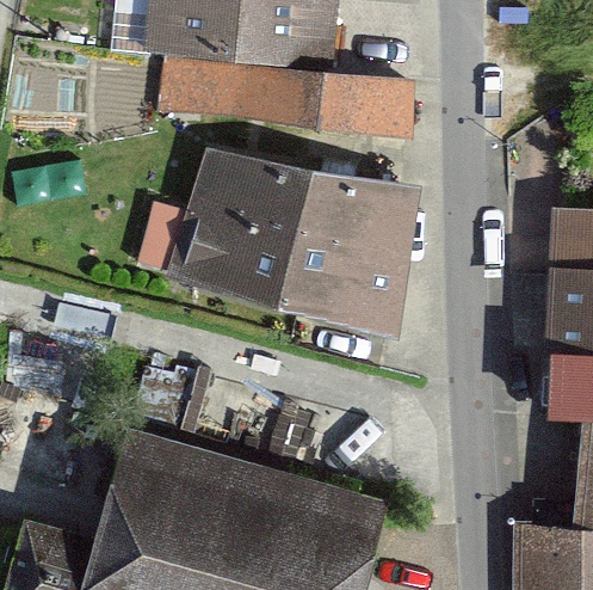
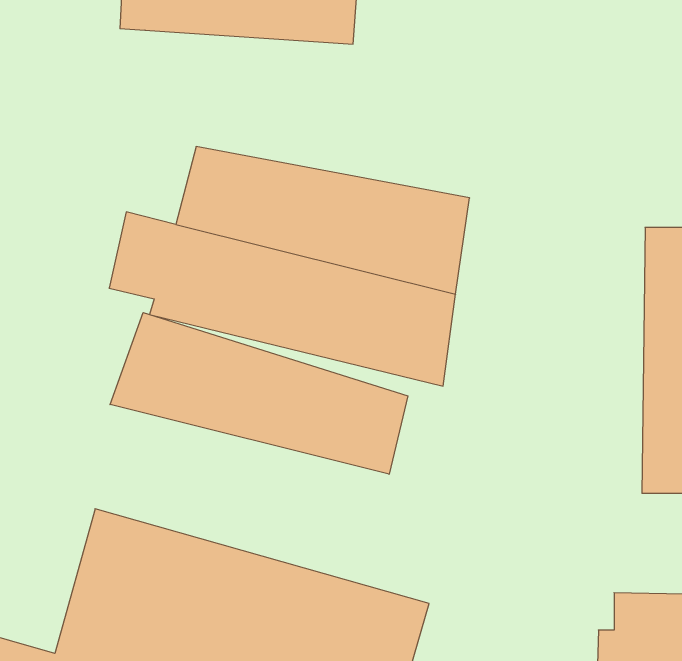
building: [163,61,409,129] -> none
building: none -> [110,313,408,474]

